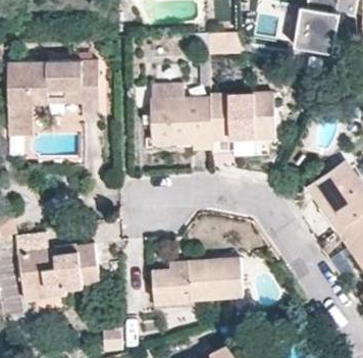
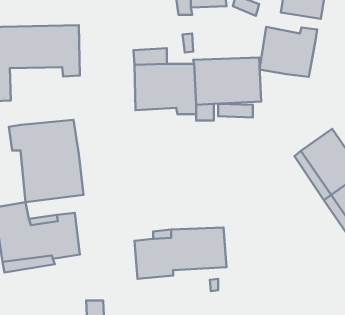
building: none -> [260,27,317,77]
building: none -> [9,120,83,202]

